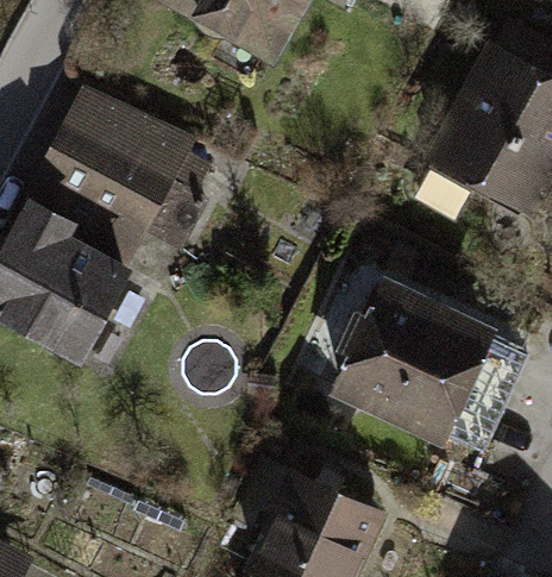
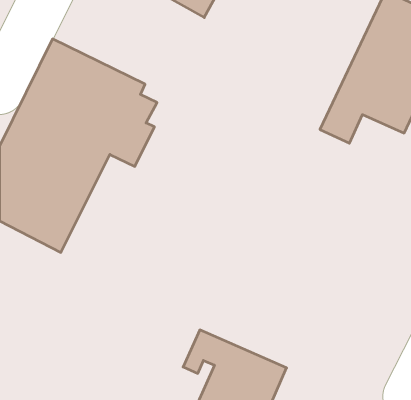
building: [324,274,500,441] -> none

